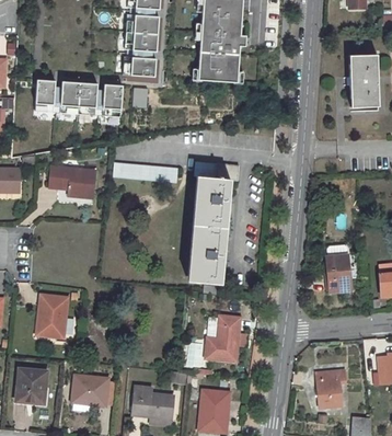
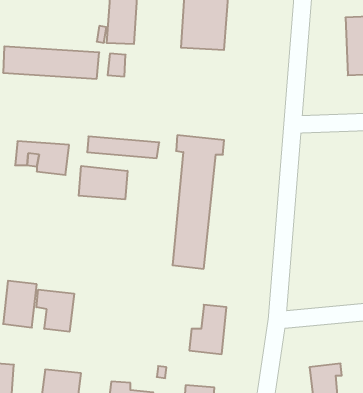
building: none -> [79,166,127,199]
building: [325,246,351,291] -> none
building: none -> [36,290,74,332]

